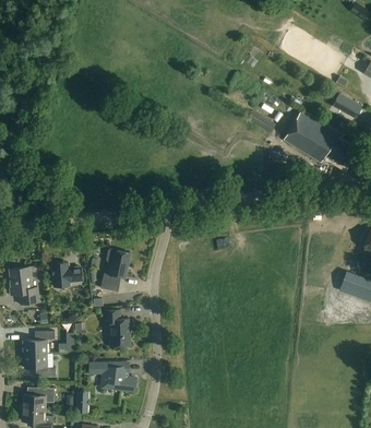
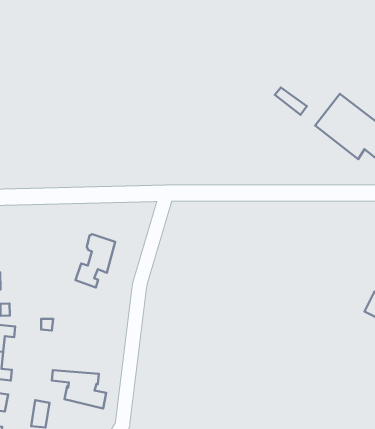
building: [50,263,81,287] -> none
building: [104,310,130,346] -> none

